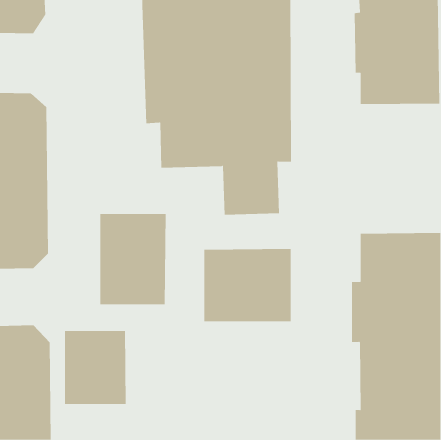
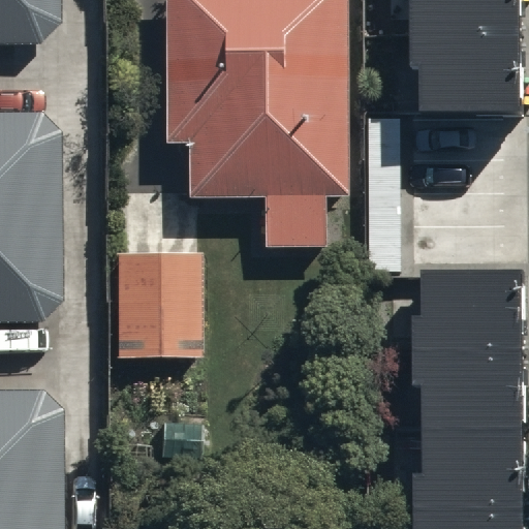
building: [204,248,291,322] -> none
building: [65,330,126,405] -> none

